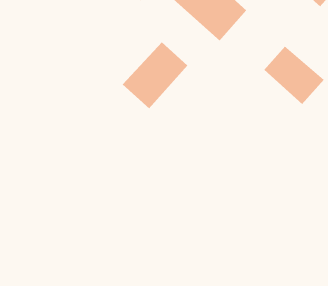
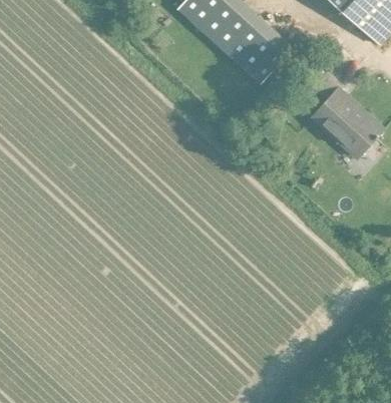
building: [122,42,188,109] -> none

